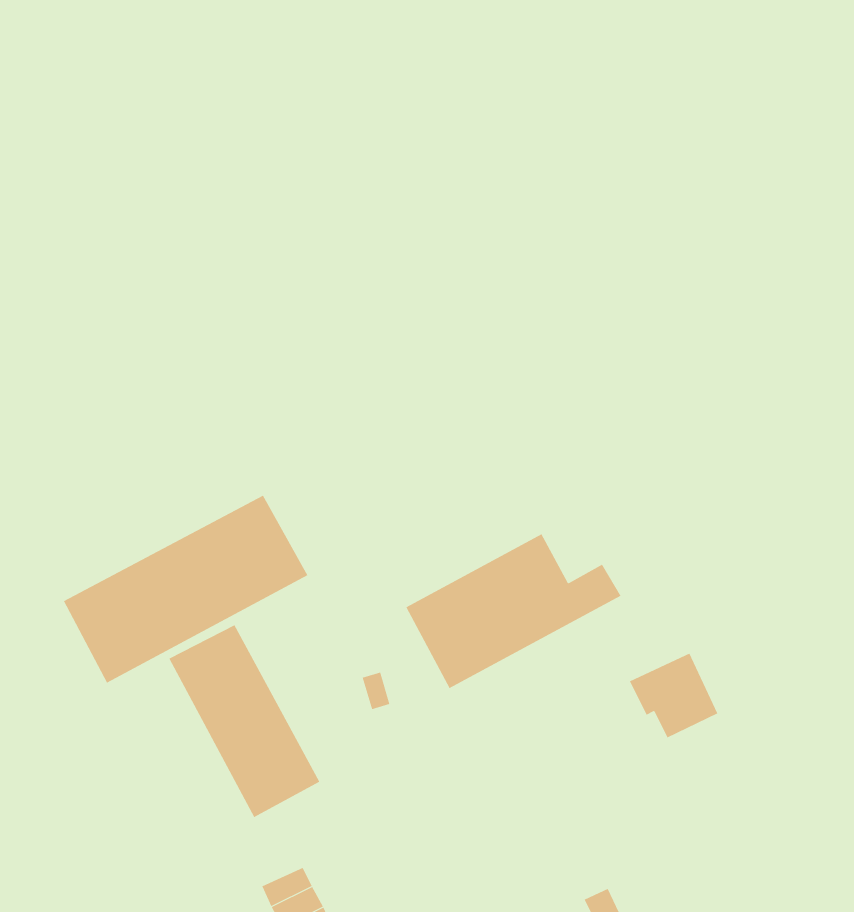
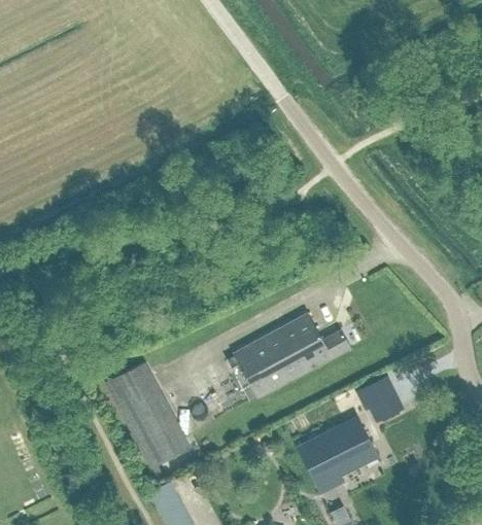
building: [63,495,308,683] -> none
building: none -> [298,425,377,492]

